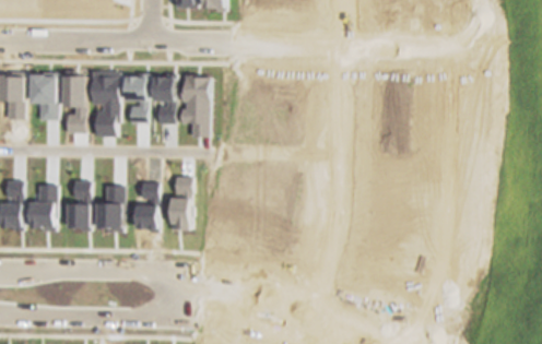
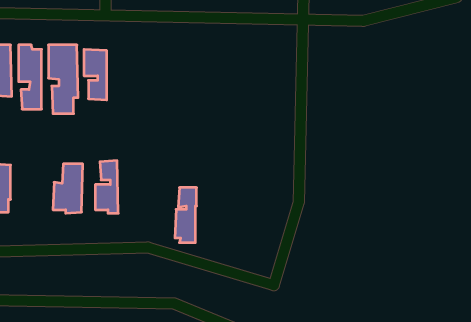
building: [154,76,176,123] -> none
building: [181,76,211,138] -> none
building: [172,176,192,228] -> [175,188,197,243]
building: [68,180,90,230] -> none

